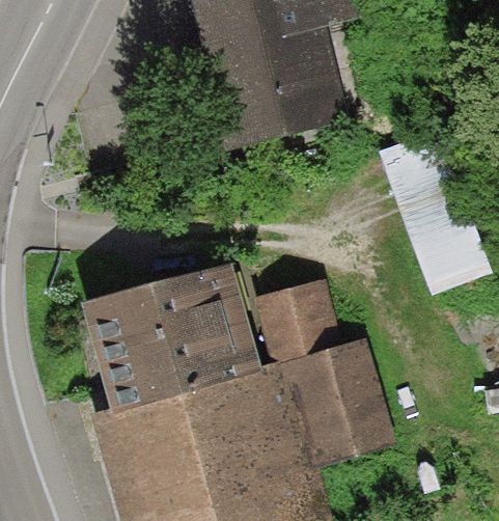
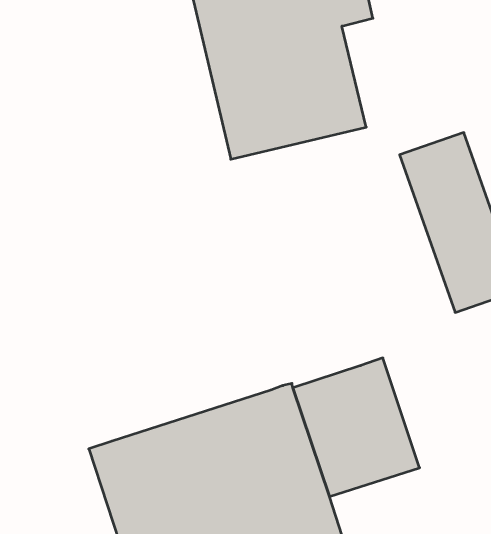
building: [81,263,260,413] -> none
building: [254,274,344,363] -> none

